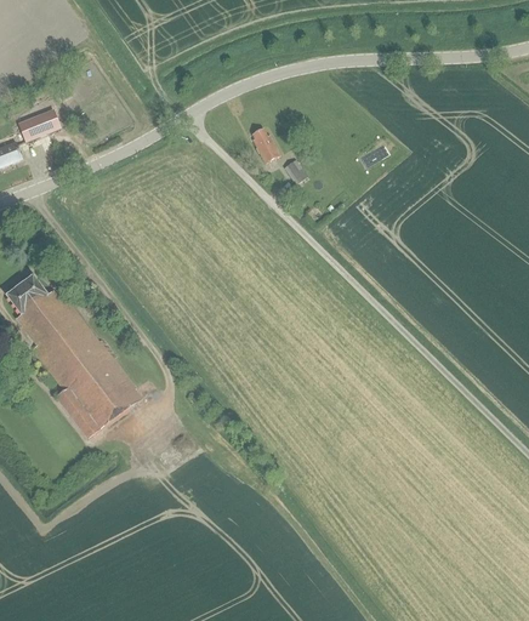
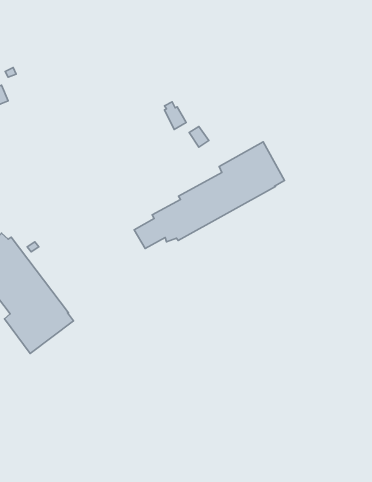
building: none -> [134,142,285,249]

